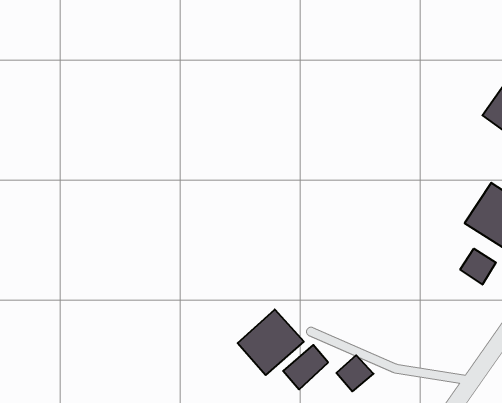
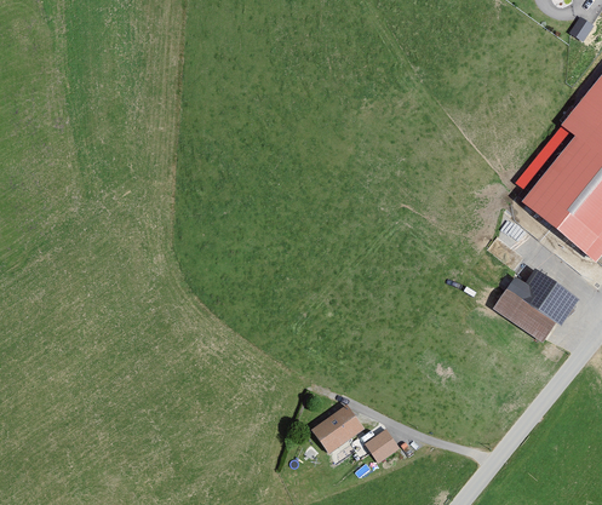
building: [460,249,496,285] -> none
building: [238,309,304,375] -> none

